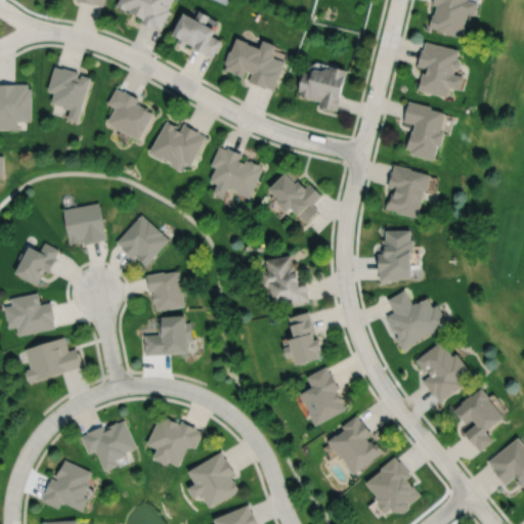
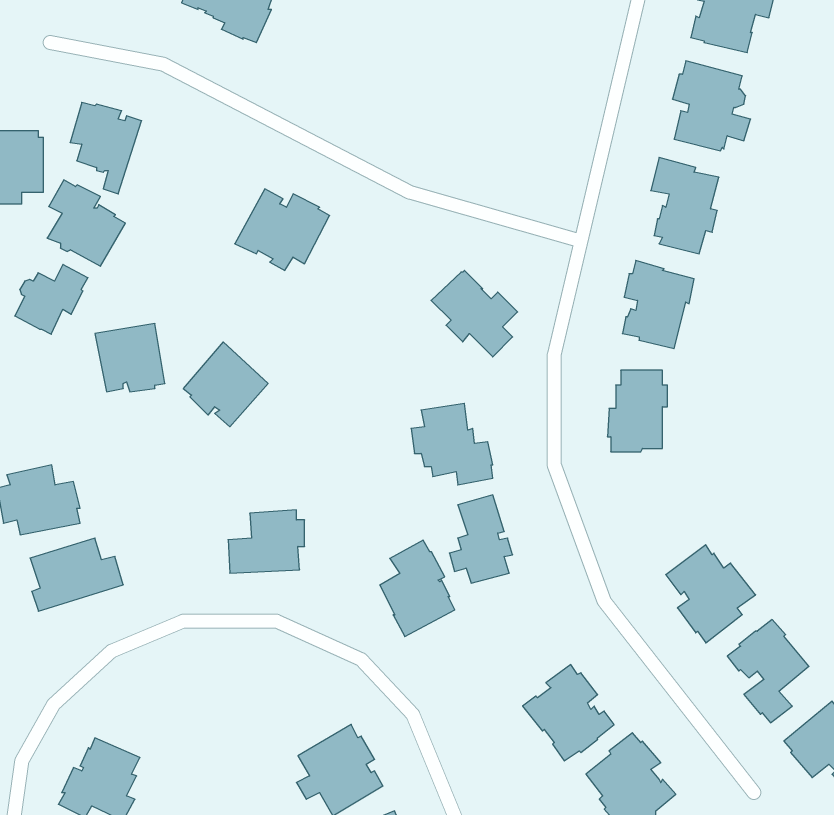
building: [173,12,222,58] -> none
building: [225,40,283,92] -> none
building: [300,68,348,114] -> none
building: [106,89,155,142] -> [47,180,125,266]
building: [211,148,264,201] -> none
building: [14,245,59,288] -> [15,264,88,334]
building: [145,273,184,313] -> none
building: [384,289,445,348] -> none
building: [298,365,344,425] -> [380,540,455,637]
building: [145,416,202,466] -> none
building: [80,420,135,471] -> none

